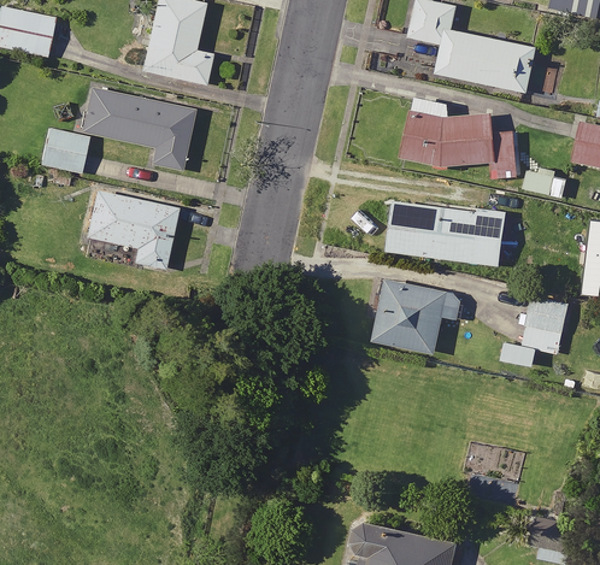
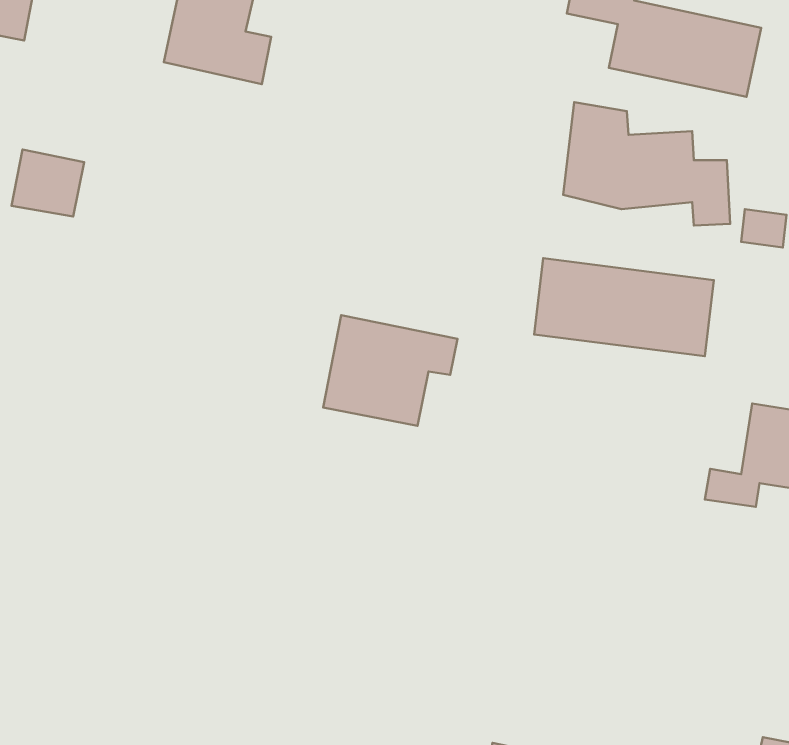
building: [81,84,195,170] -> none
building: [86,187,178,269] -> none
building: [373,279,463,353] -> [323,315,457,426]

